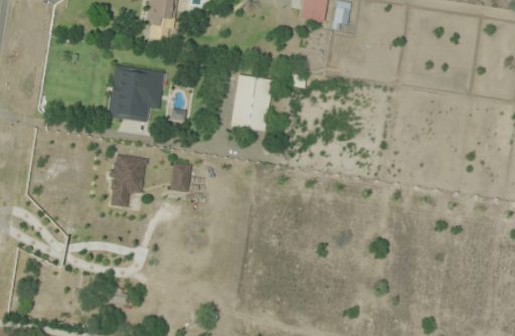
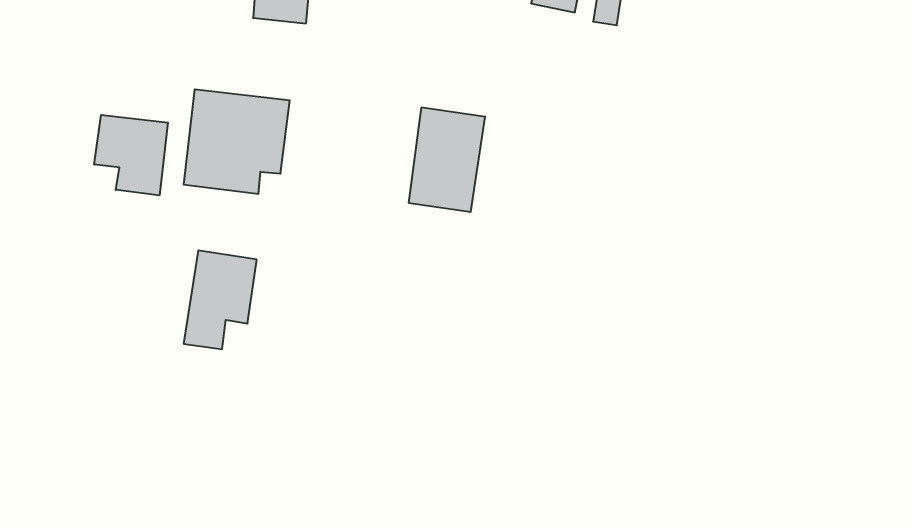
building: none -> [94,115,168,195]
building: [171,163,191,191] -> none

